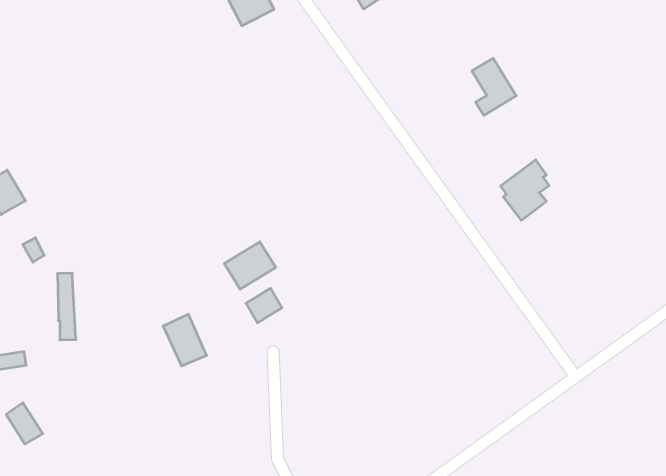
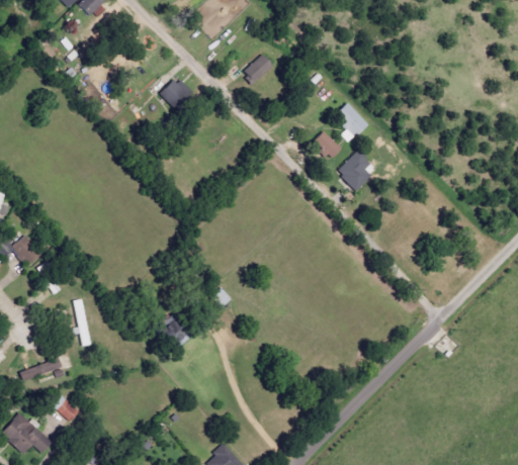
building: none -> [315,130,343,160]
building: [501,160,549,220] -> [334,146,367,189]
building: [224,242,276,289] -> none

